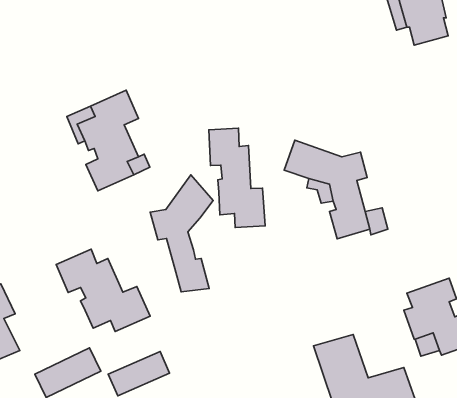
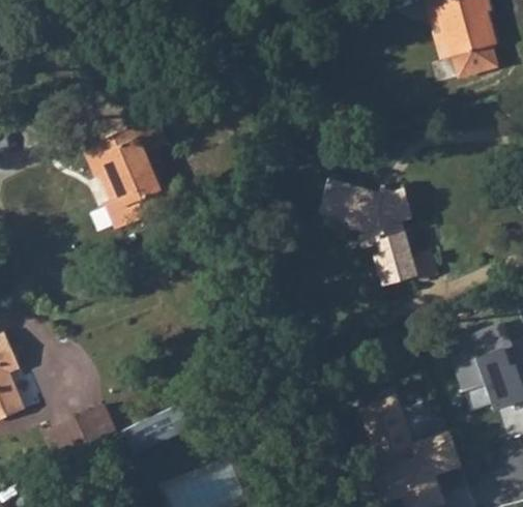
building: [209,128,265,227] -> none
building: [150,175,213,292] -> none
building: [56,249,150,331] -> none

